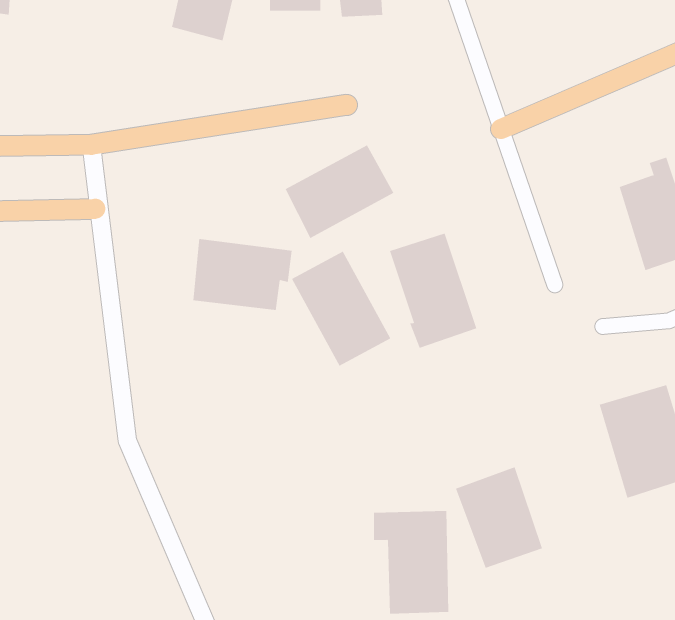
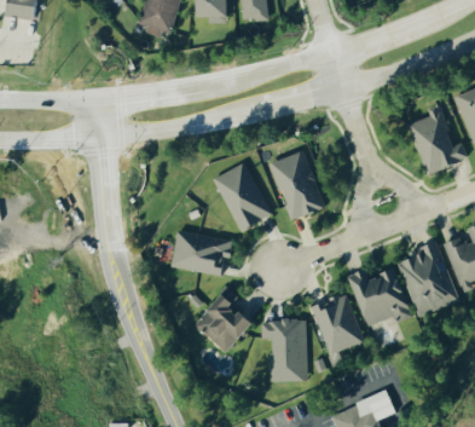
building: [285,145,394,239] -> none
building: [192,239,292,311] -> [173,231,233,275]
building: none -> [352,270,411,327]
building: none -> [195,288,255,353]

